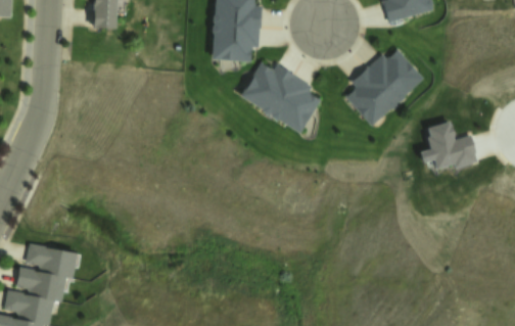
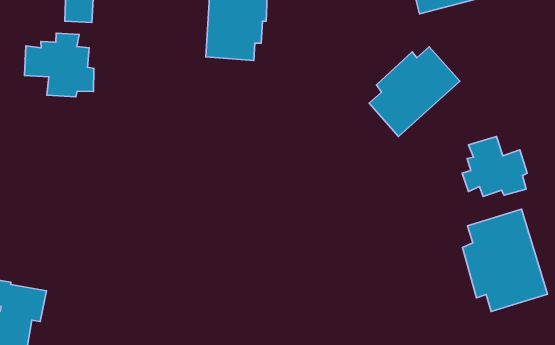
building: none -> [24,33,94,97]
building: [238,60,319,132] -> none
building: none -> [462,209,548,312]

